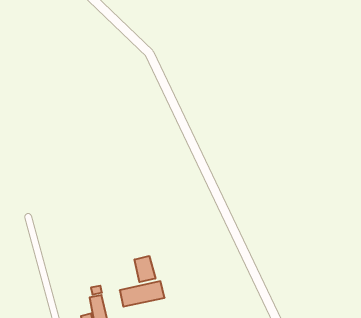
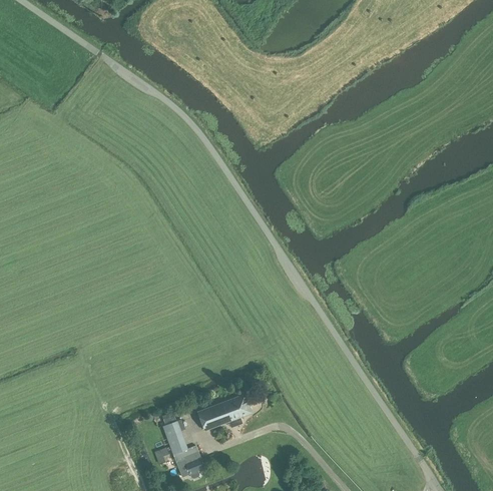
building: [135,256,155,282] -> none

